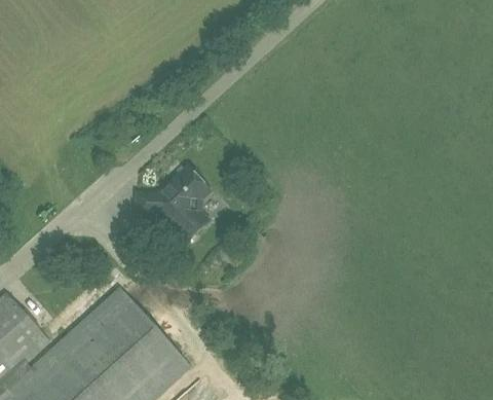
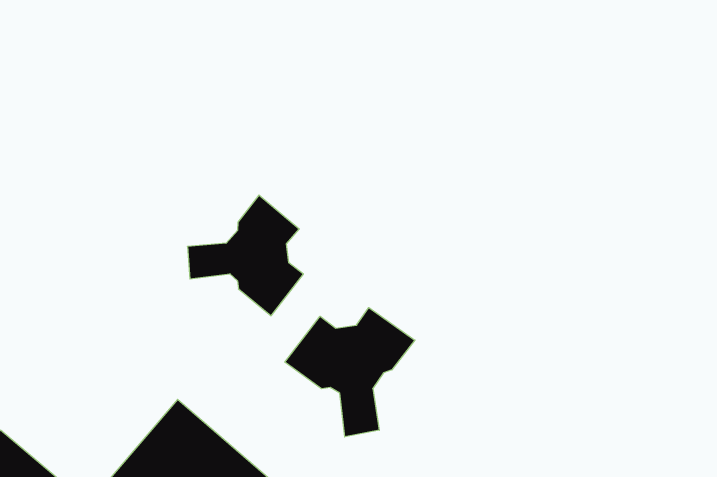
building: none -> [285,308,415,437]

